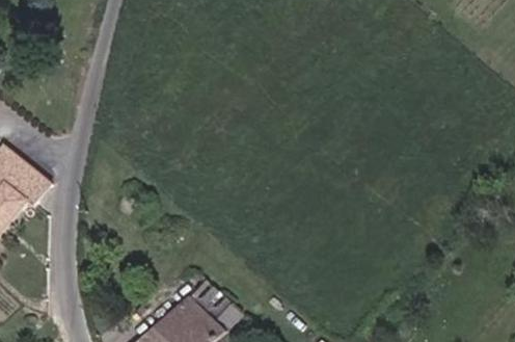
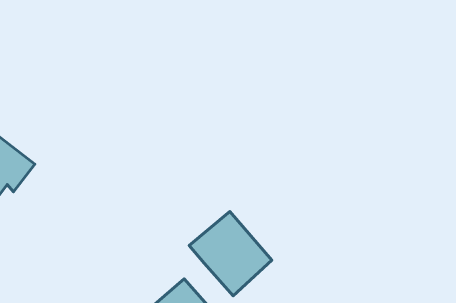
building: none -> [189,211,272,296]

